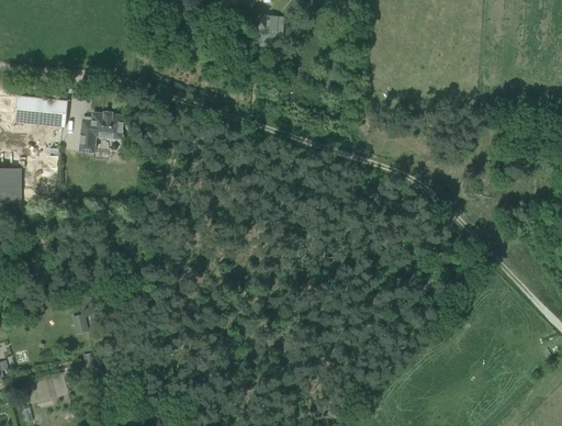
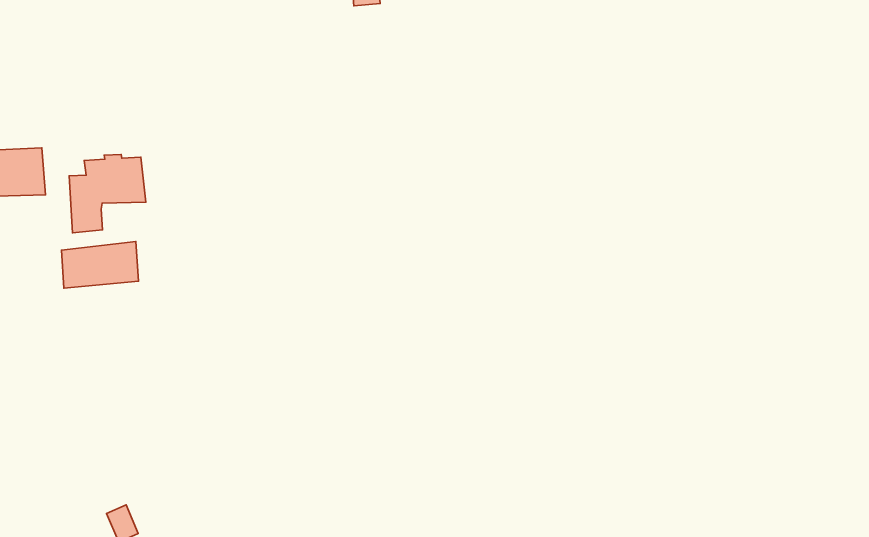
building: none -> [61,242,138,288]

